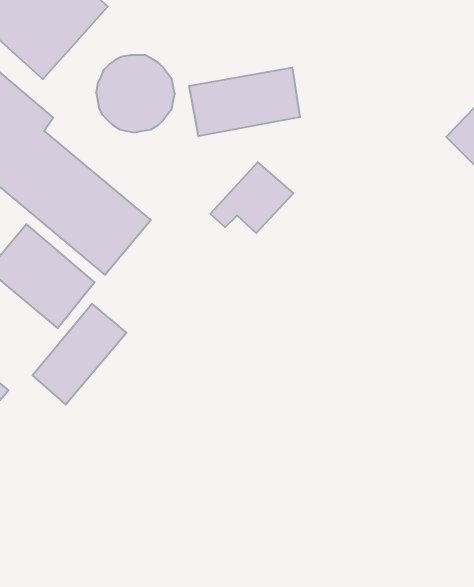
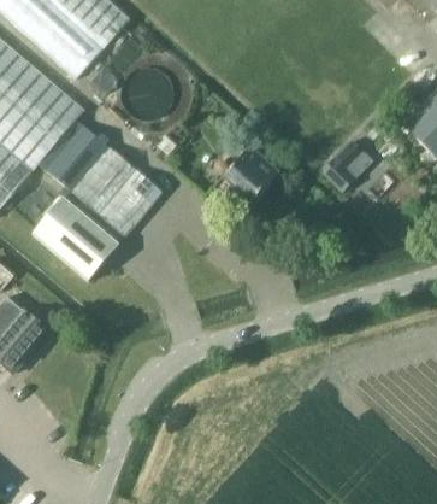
building: [189,67,300,136] -> none
building: none -> [320,139,362,191]
building: [33,304,126,405] -> none

